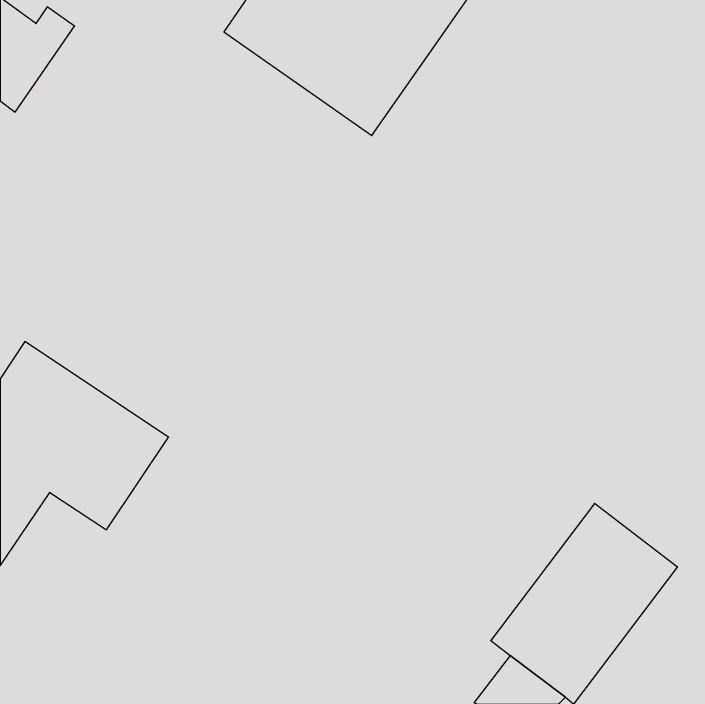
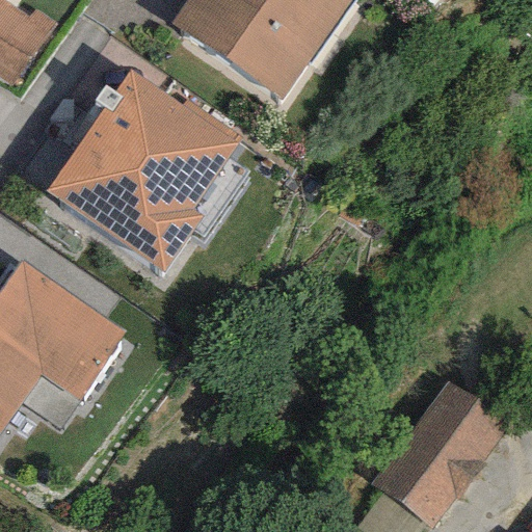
building: none -> [41,66,240,276]

